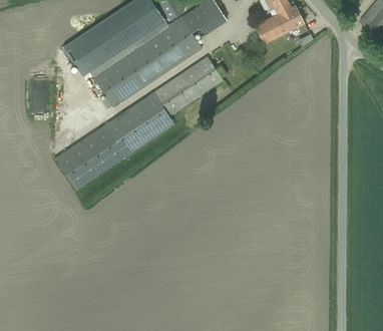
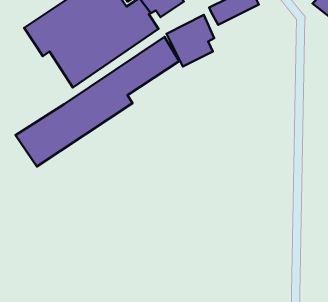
building: none -> [166,15,214,66]

